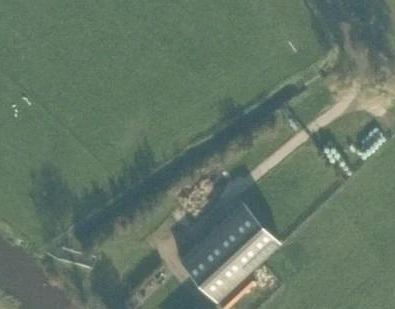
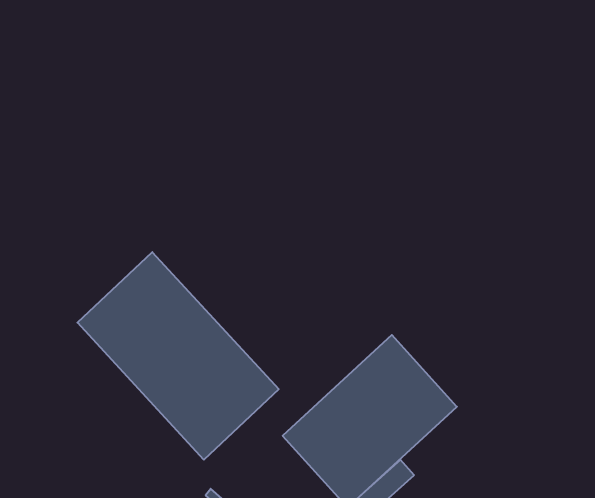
building: none -> [77,252,279,460]

